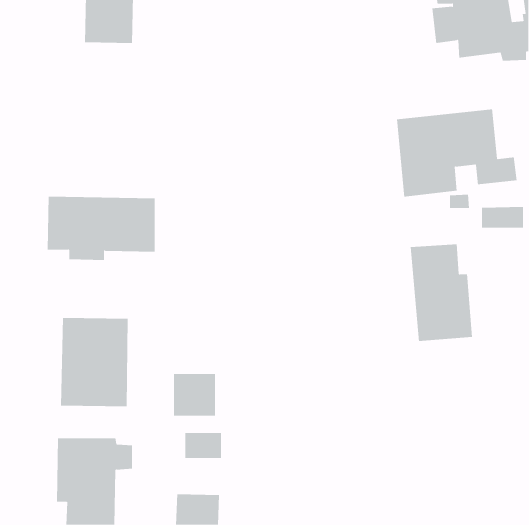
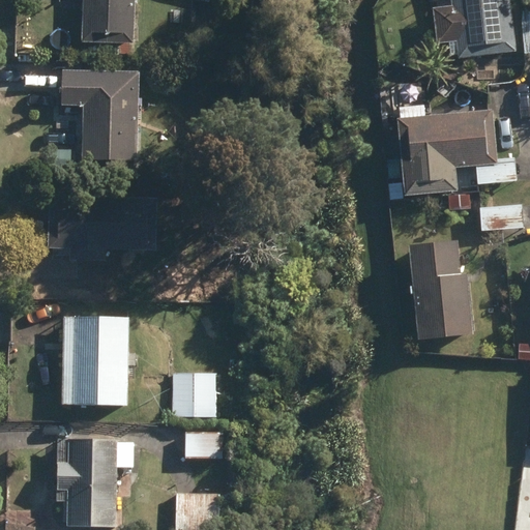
building: none -> [61,54,138,161]

